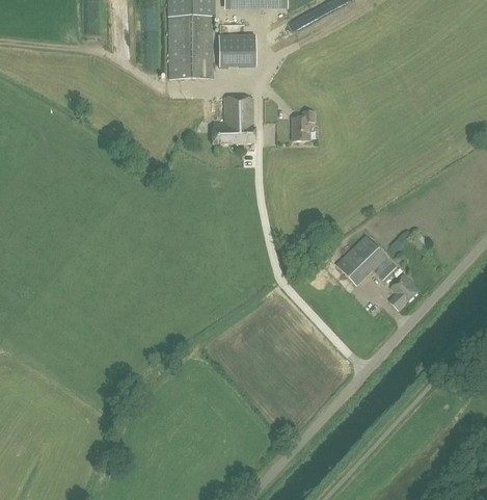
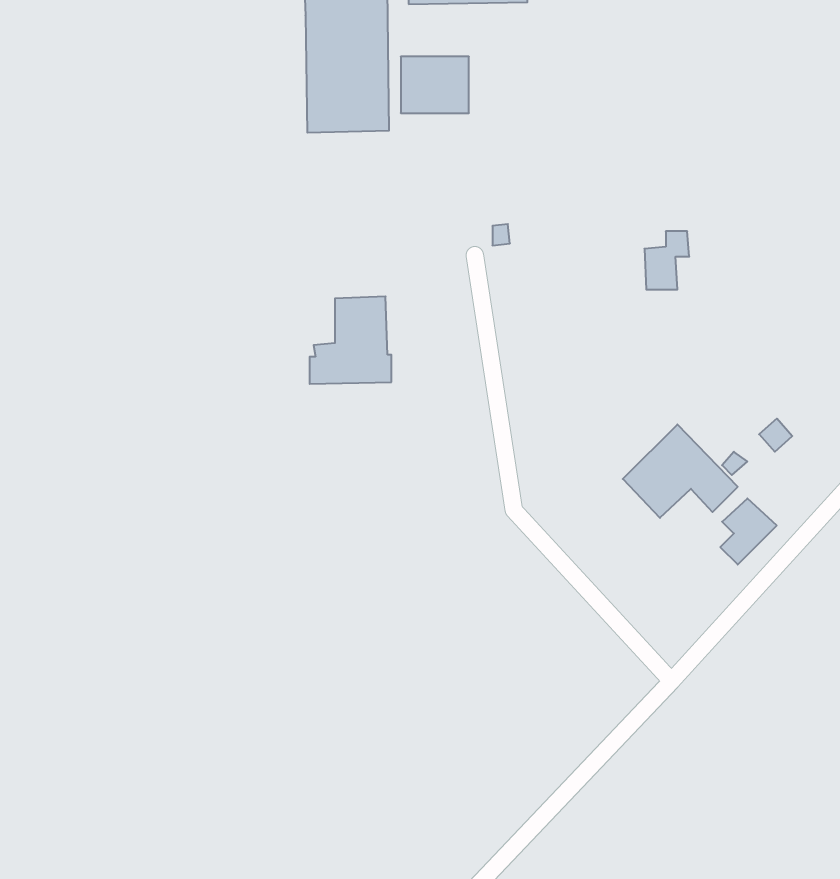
building: [211,95,254,141] -> [310,296,391,384]
building: [291,107,315,138] -> [644,231,689,290]

